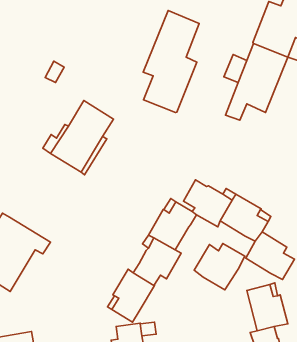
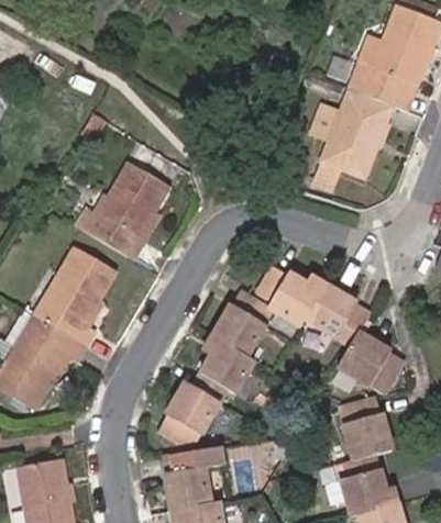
building: [143,11,199,112] -> none
building: none -> [34,244,120,345]
building: [194,244,245,290] -> none

